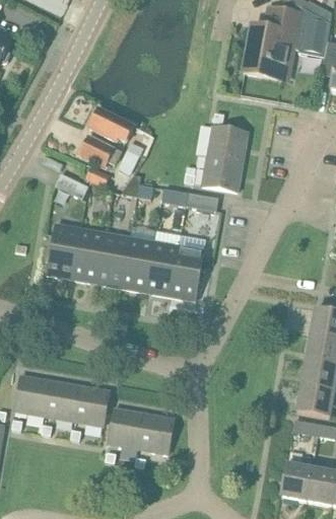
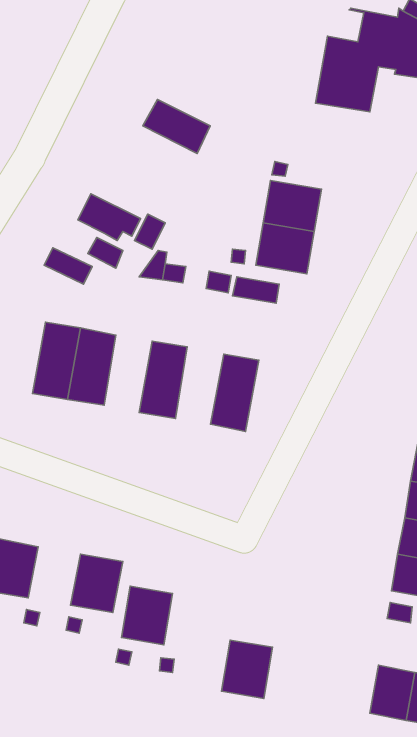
building: [87,107,134,145] -> [143,99,210,153]
building: [96,233,130,287] -> none
building: [146,241,180,295] -> none
building: [44,380,80,421] -> none
building: [138,413,174,453] -> [221,640,273,698]

